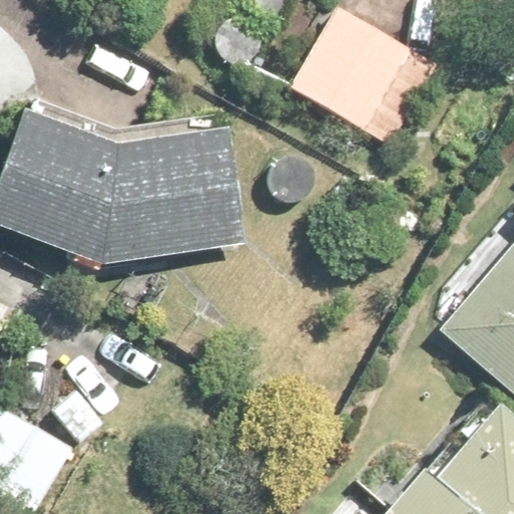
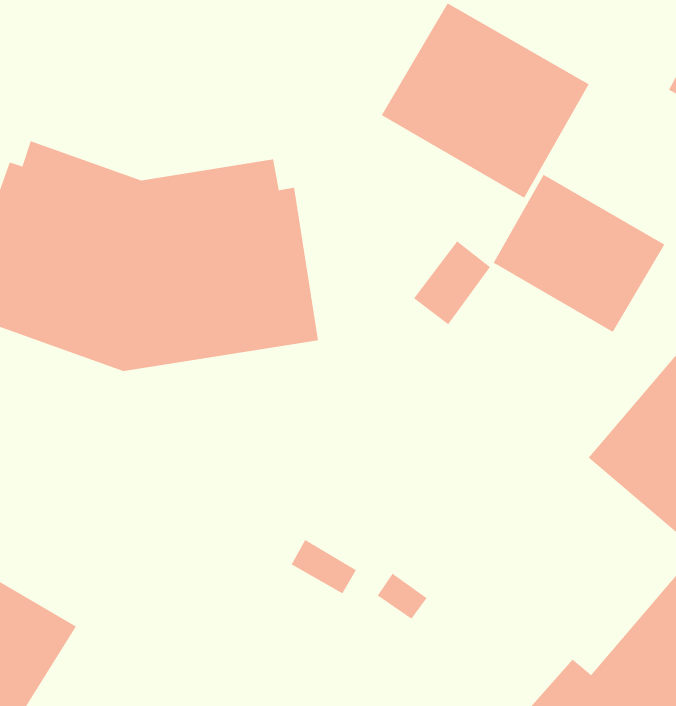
building: none -> [493,174,665,333]

